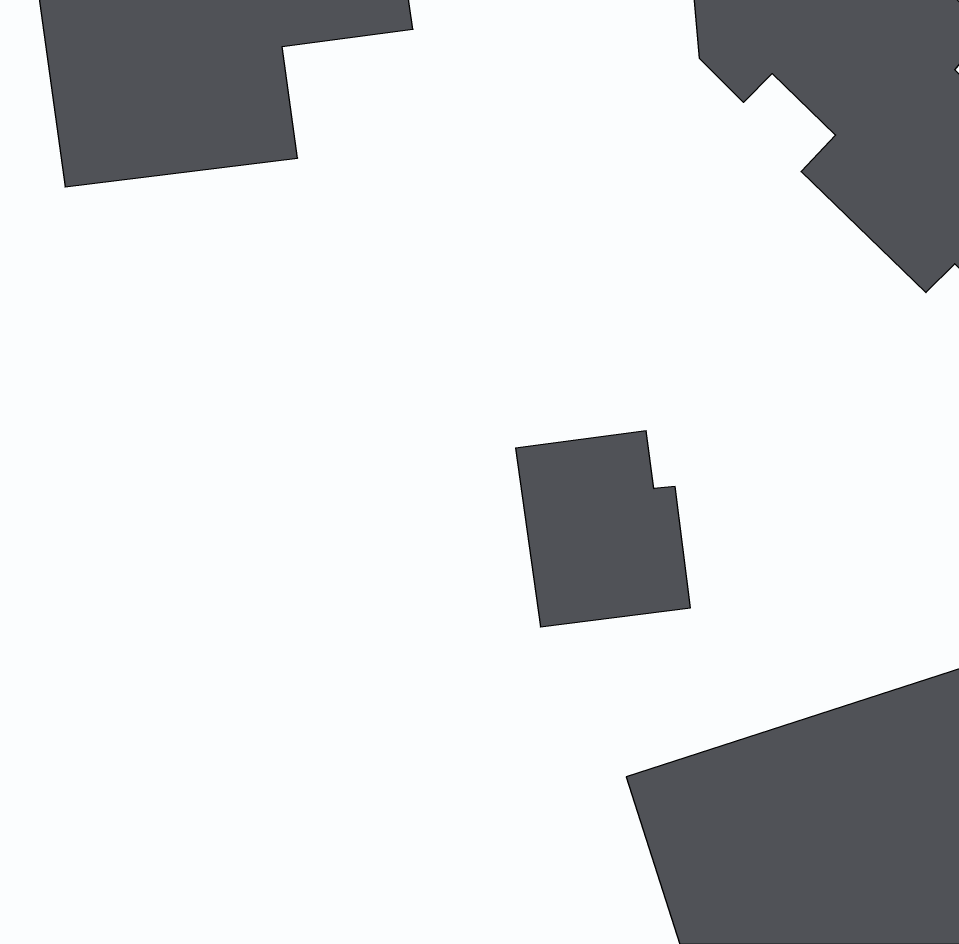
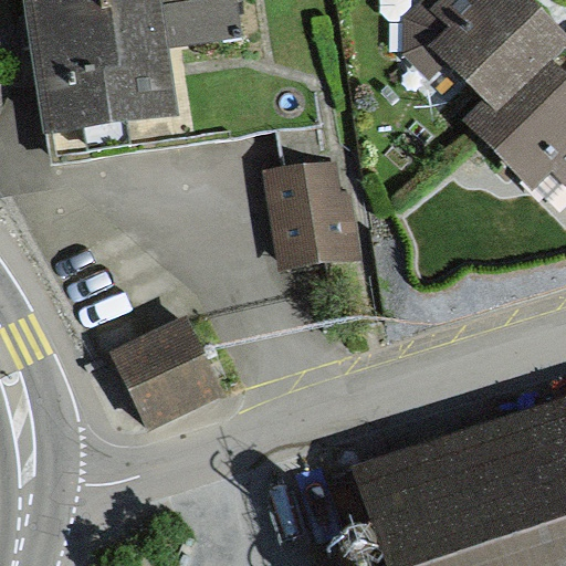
building: [516,431,690,627] -> [262,158,363,271]
building: none -> [108,314,224,430]

